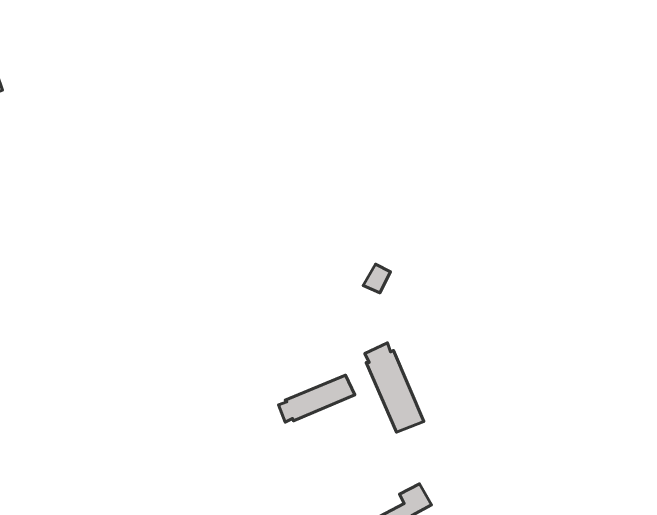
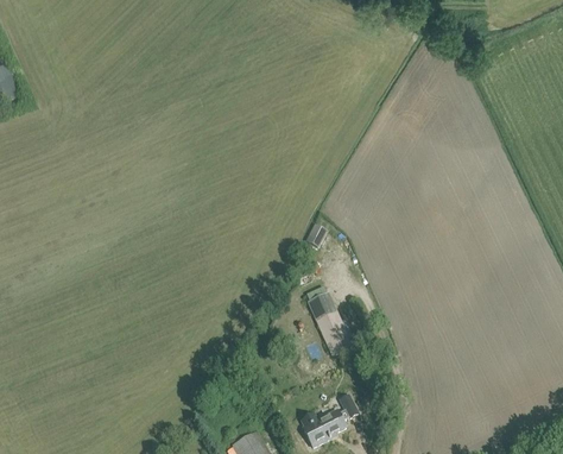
building: [279,375,355,422] -> none

